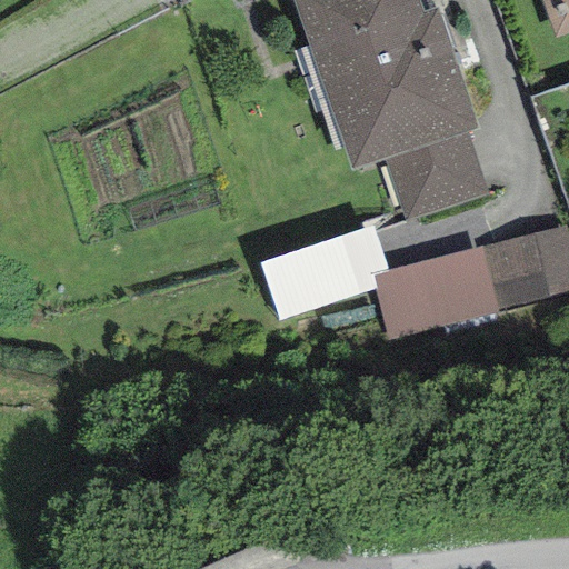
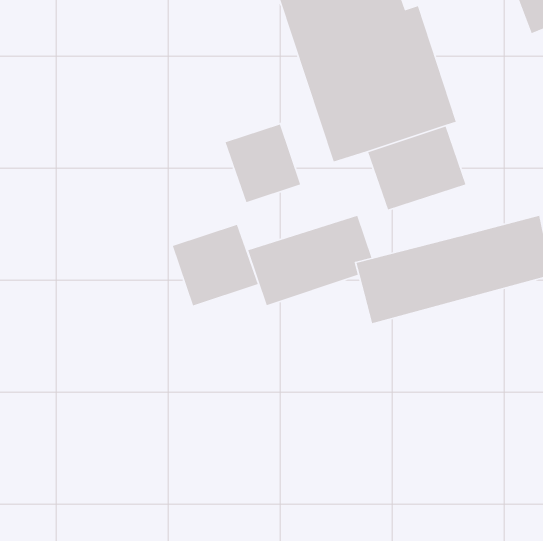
building: none -> [224,123,301,203]
building: none -> [172,224,259,307]

